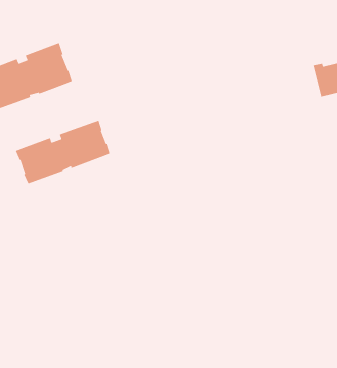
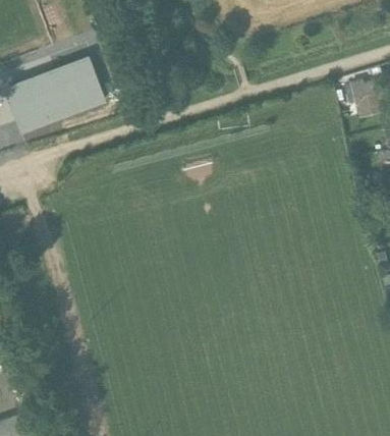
building: [15,120,111,185] -> none

